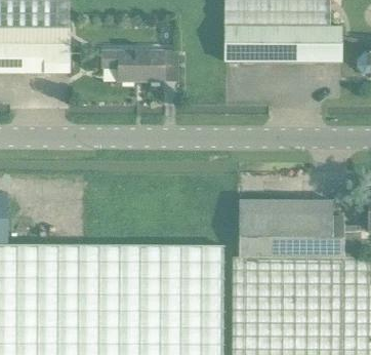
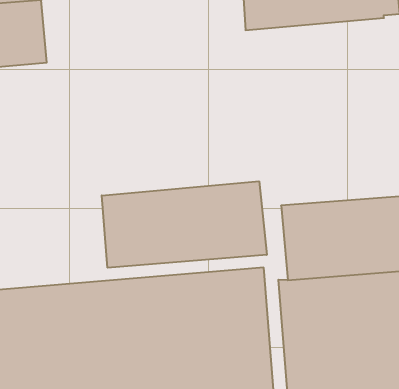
building: [101,51,178,83] -> none
building: none -> [102,181,267,268]

